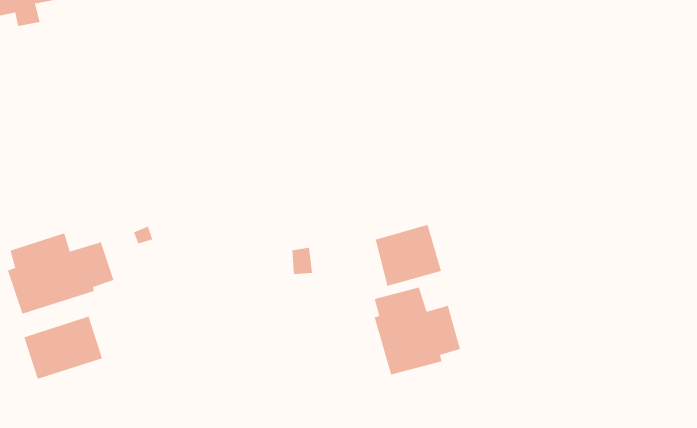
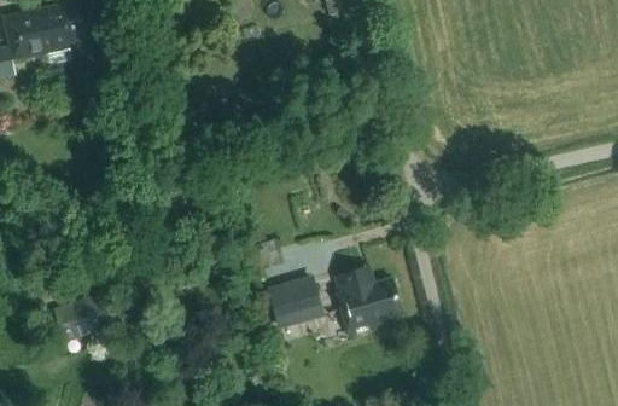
building: [375,224,442,287] -> [270,274,323,324]
building: [7,232,114,314] -> none

